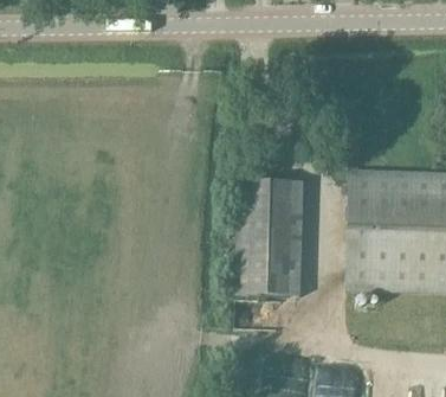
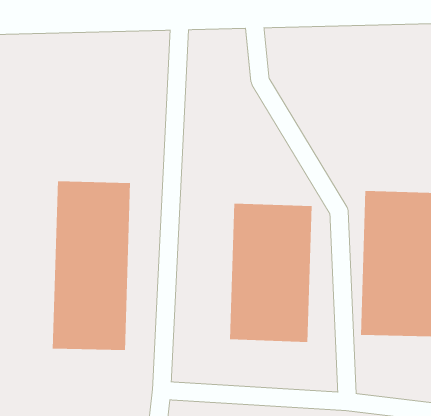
building: none -> [52,181,131,351]

